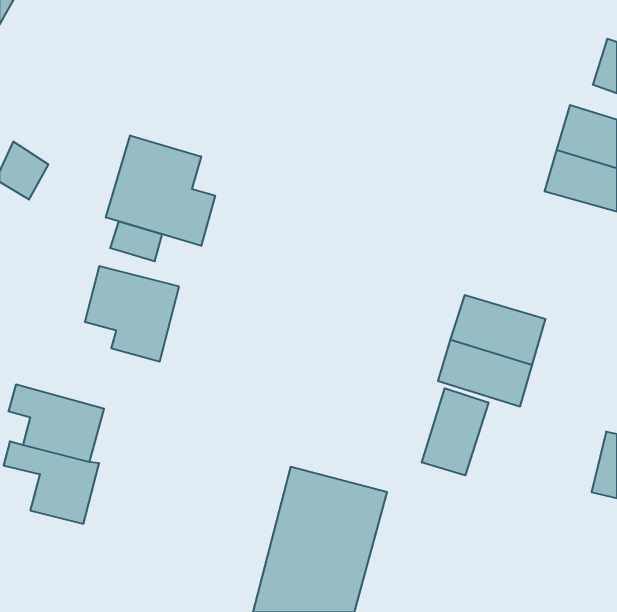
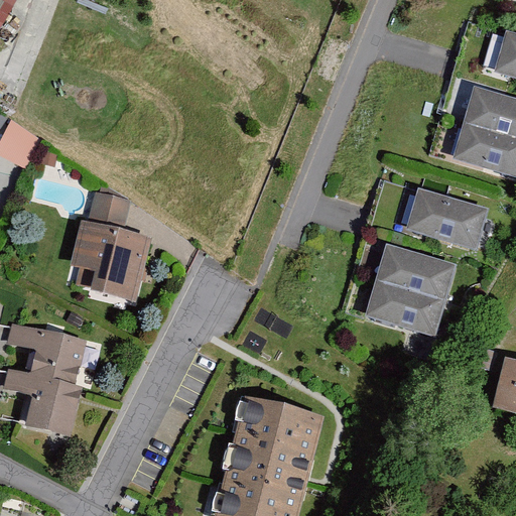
building: [106,135,215,246] -> none
building: none -> [403,185,486,250]
building: [422,388,488,475] -> none

